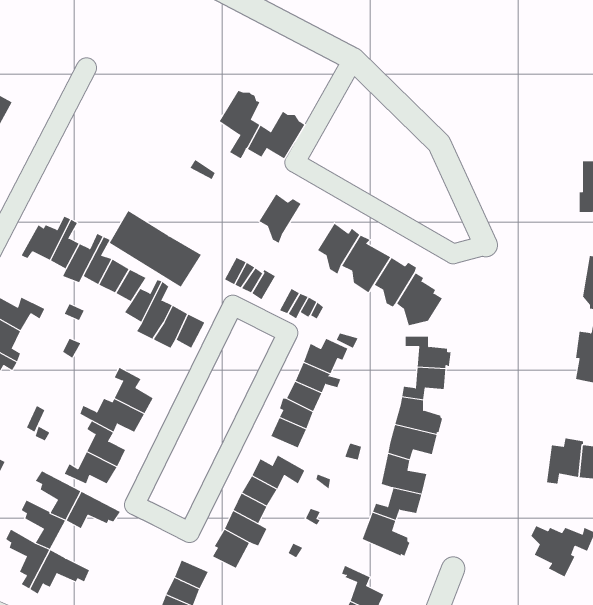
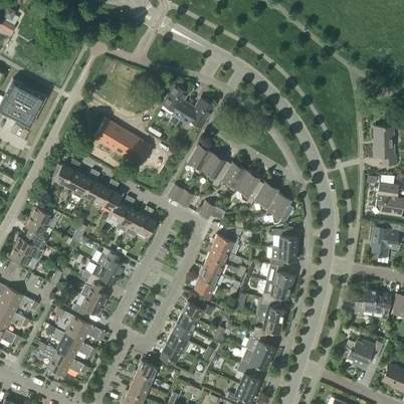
building: none -> [201,153,231,187]
building: [109,210,202,288] -> [96,120,151,165]
building: none -> [65,338,97,360]
building: none -> [237,349,270,371]

